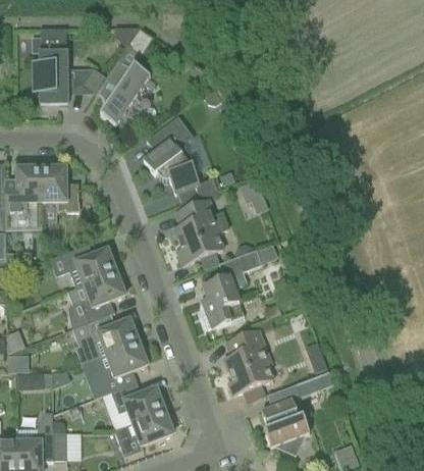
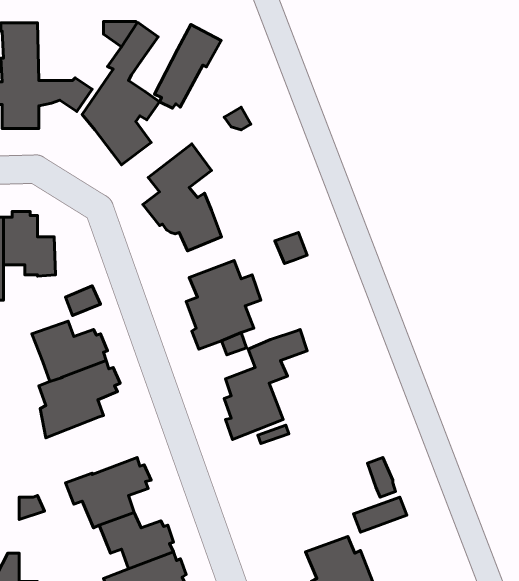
building: none -> [154,24,221,108]
building: [72,313,139,363] -> none
building: [224,329,273,395] -> none

